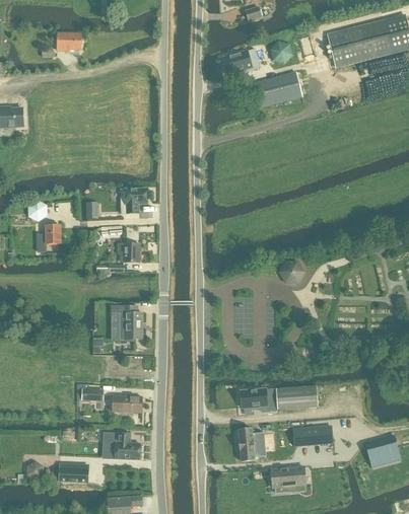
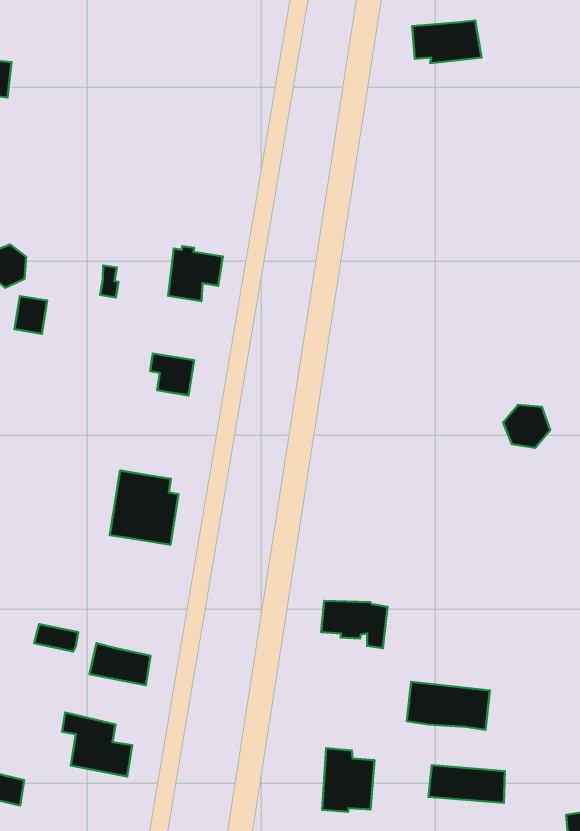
building: [269,41,292,64] -> none
building: [253,71,301,106] -> none
building: [279,261,303,282] -> [503,405,550,448]
building: [241,388,274,411] -> [321,601,387,648]

